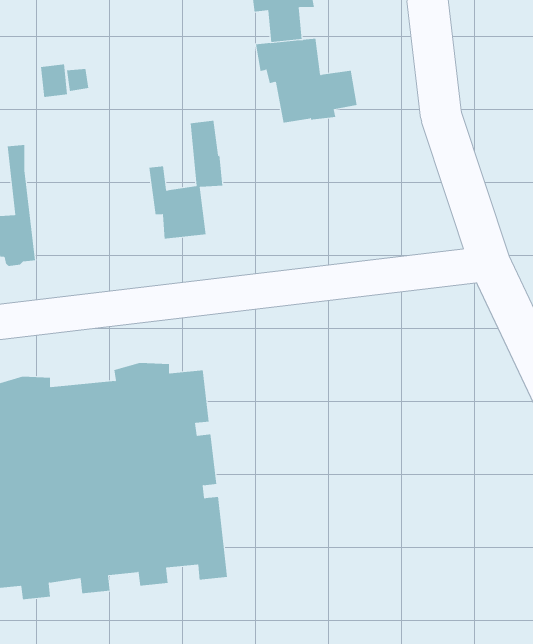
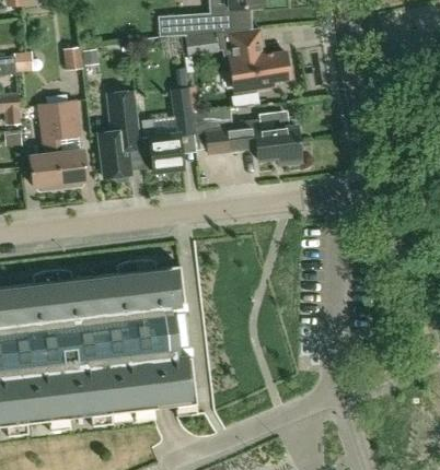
building: none -> [157,15,198,38]
building: none -> [97,92,140,183]
building: none -> [51,102,85,188]
building: none -> [192,110,300,164]

